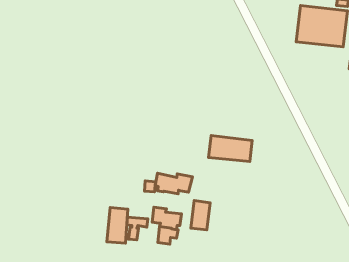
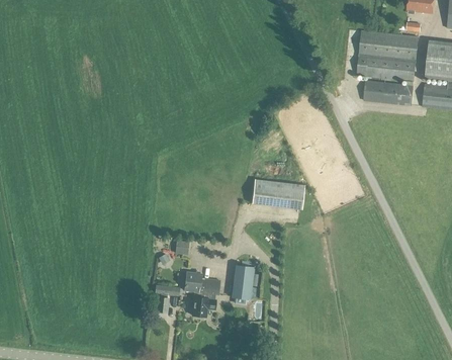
building: none -> [362,79,413,105]
building: [155,173,192,194] -> none
building: [107,208,128,243] -> none

